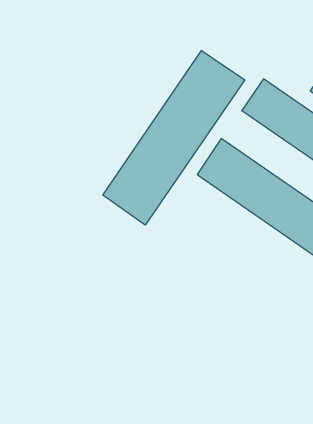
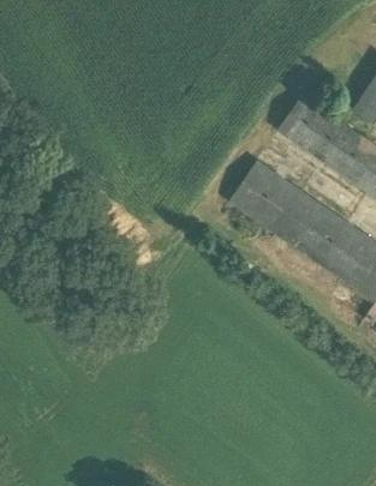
building: [103,50,245,225] -> none

